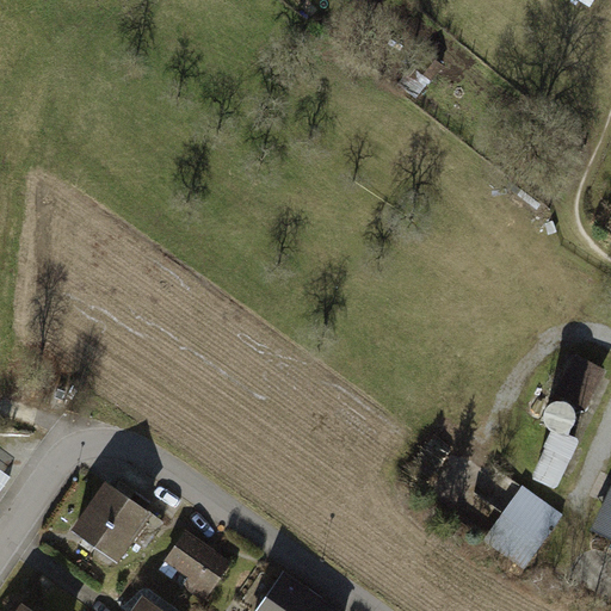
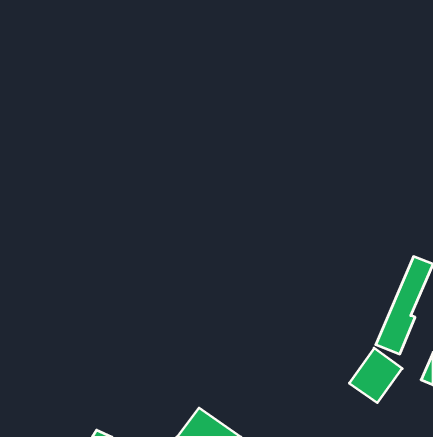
building: [79,489,149,562] -> none
building: [167,535,228,591] -> none

